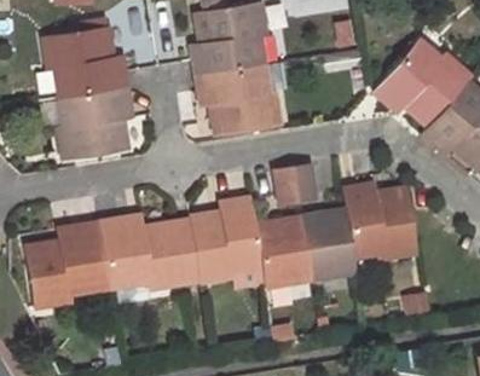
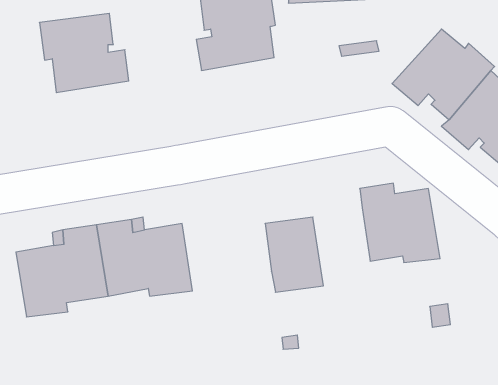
building: [197,66,281,139] -> none
building: [59,88,133,160] -> none
building: [277,164,318,202] -> none
building: [191,197,262,282] -> none
building: [301,207,357,279] -> none

